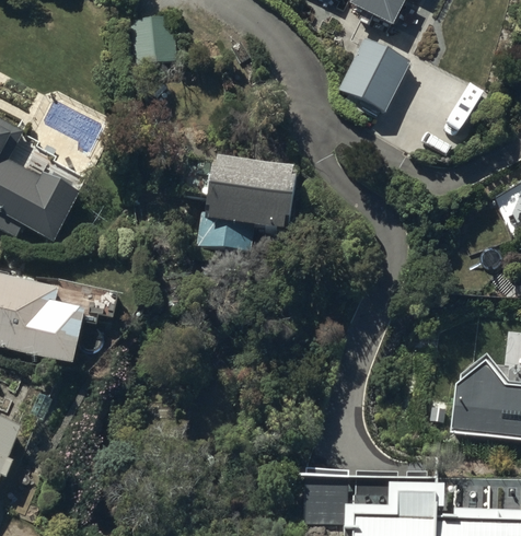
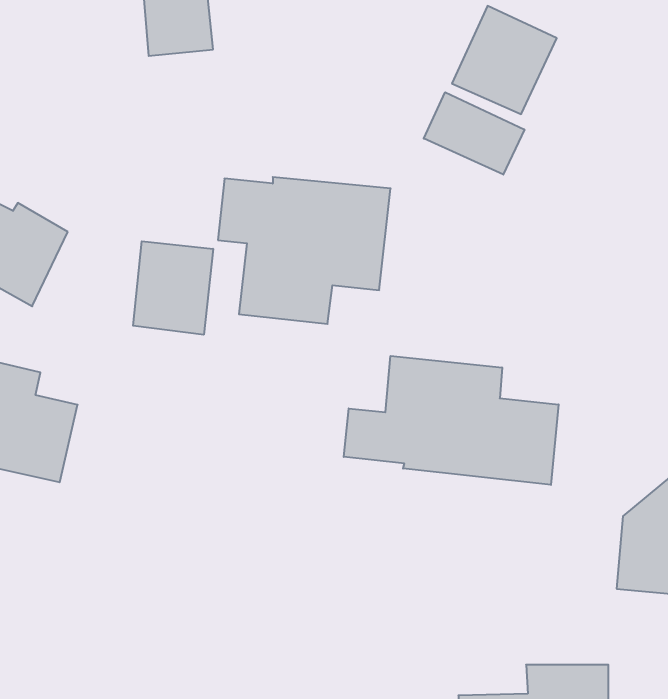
building: none -> [424,92,524,175]
building: none -> [133,241,213,335]
building: none -> [344,356,559,485]

